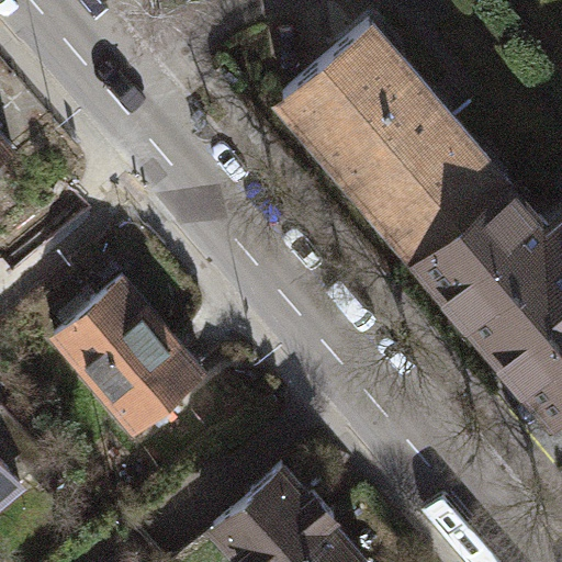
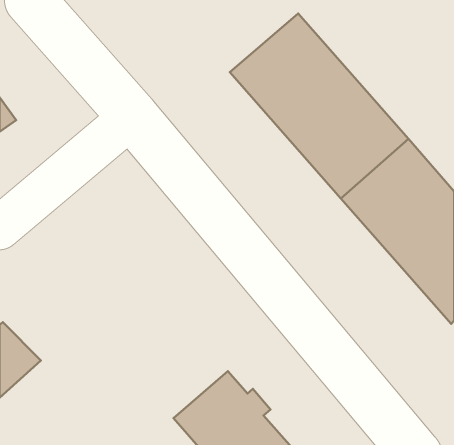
building: [52,283,200,435] -> none

